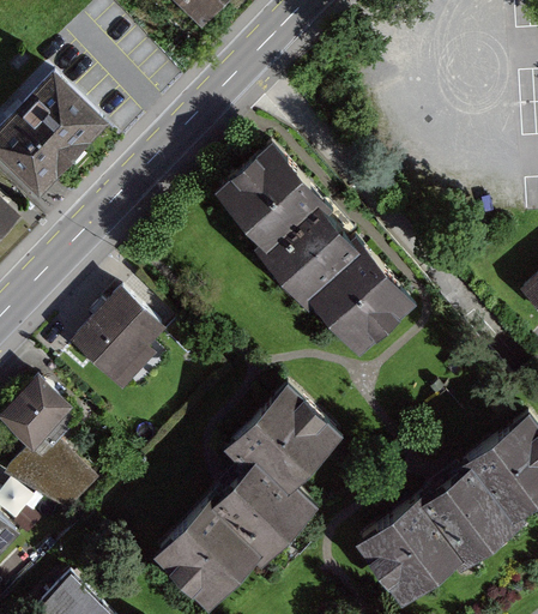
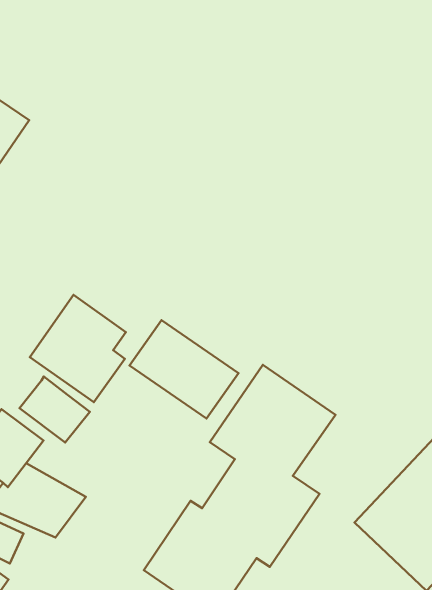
building: [210,144,412,353] -> none
building: none -> [130,320,238,419]
building: none -> [20,376,90,442]

